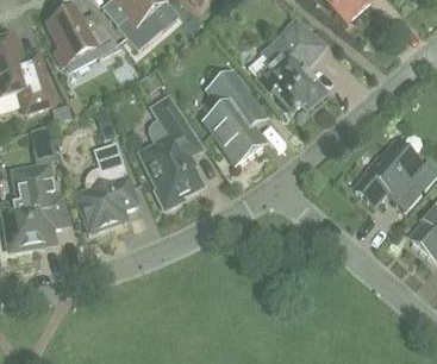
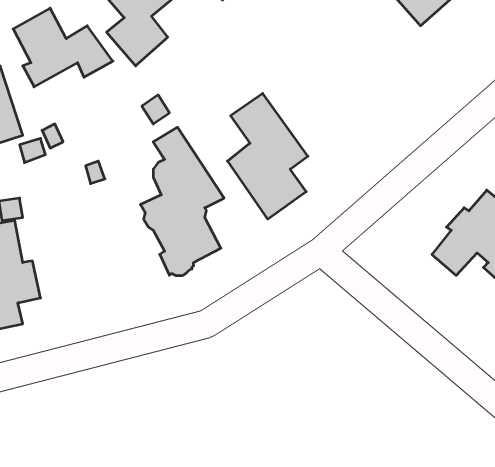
building: [248,18,325,111] -> none
building: [75,142,137,232] -> none

